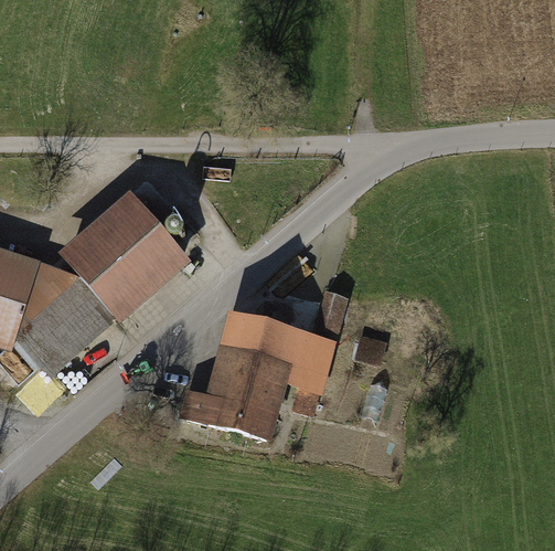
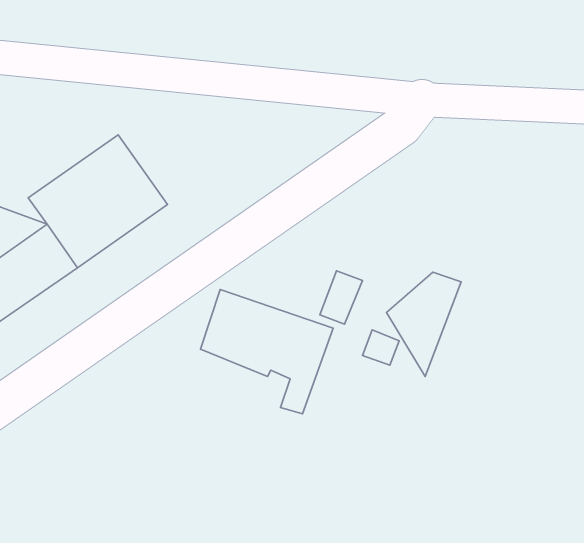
building: none -> [386,272,461,377]
building: [183,365,279,438] -> none

